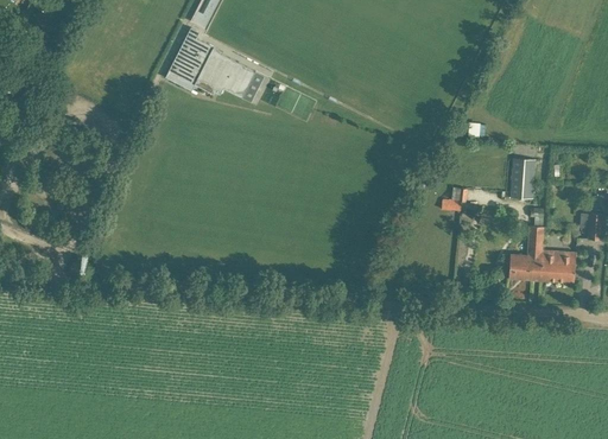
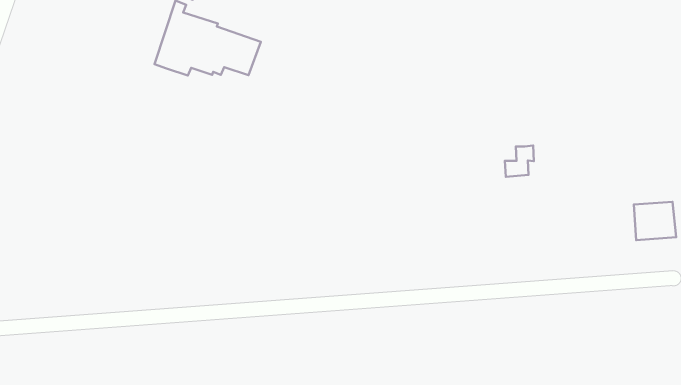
building: [511,158,533,198] -> none
building: [508,225,544,279] -> none

